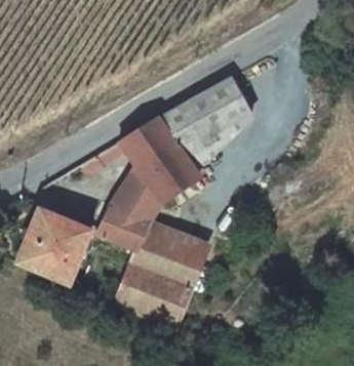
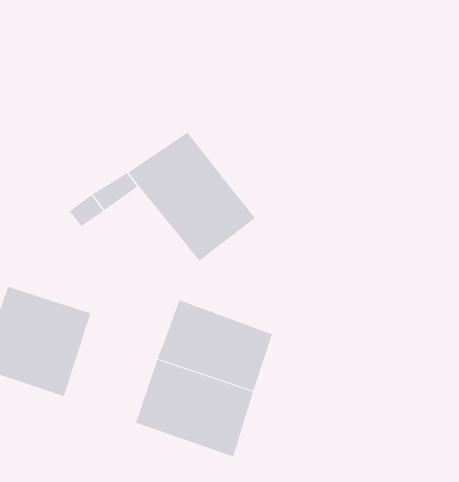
building: [160,76,253,153] -> none
building: [99,164,162,247] -> none

